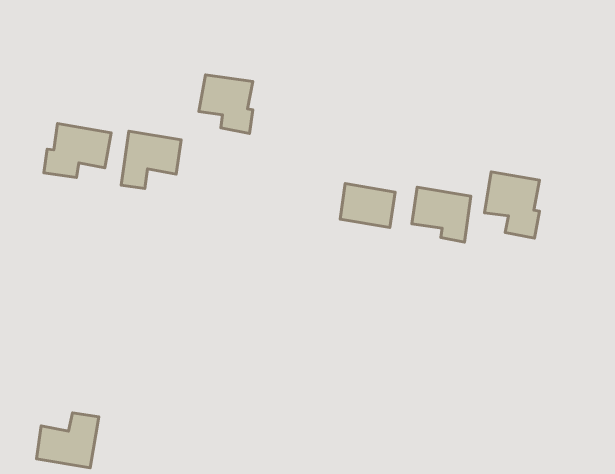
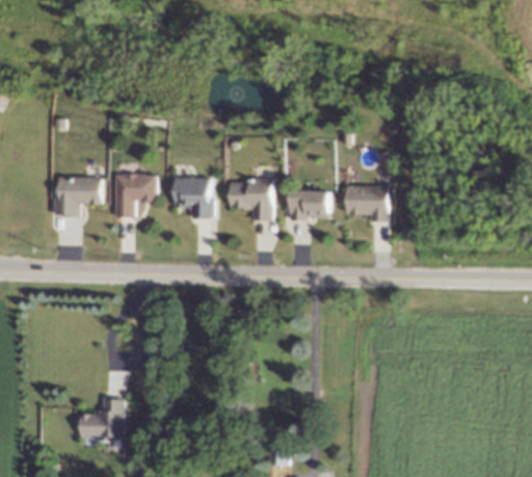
building: [199,75,253,133] -> [171,178,213,218]
building: none -> [229,180,271,220]
building: [485,172,540,238] -> none

